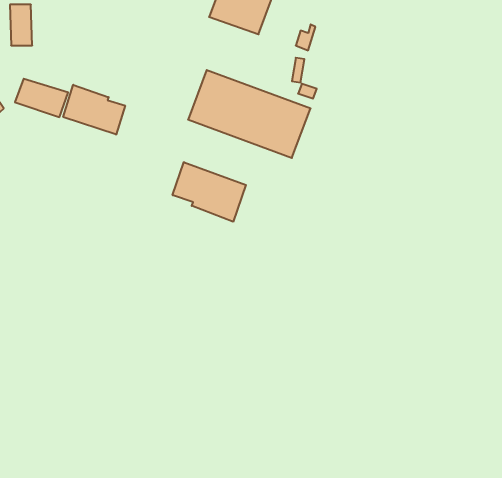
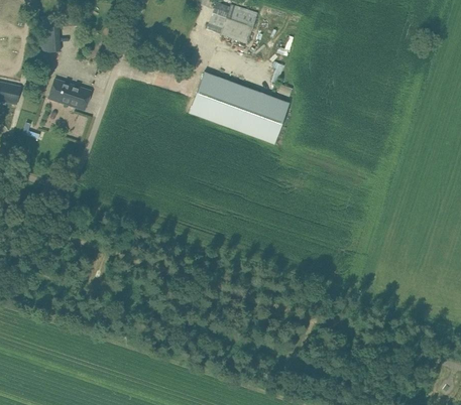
building: [63,85,125,135] -> none
building: [173,162,246,222] -> none

